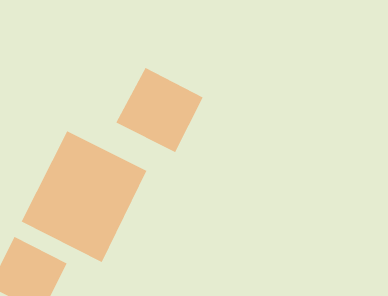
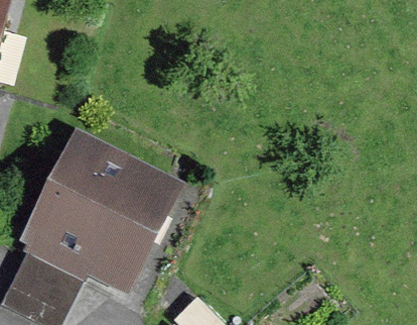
building: [115,67,204,153] -> none

